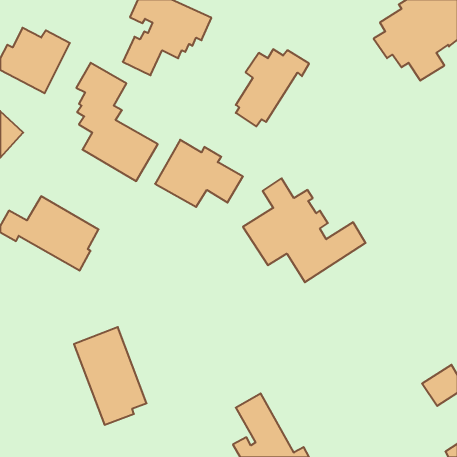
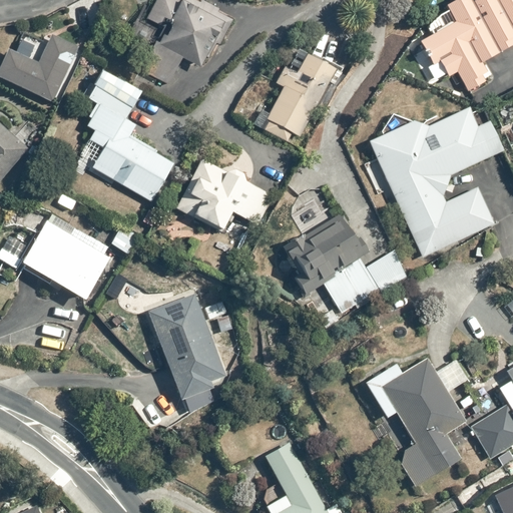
building: none -> [369,108,502,260]
building: none -> [365,358,465,487]
building: [74,327,147,425] -> [147,293,228,402]

